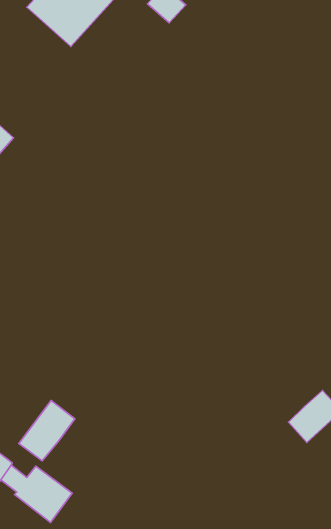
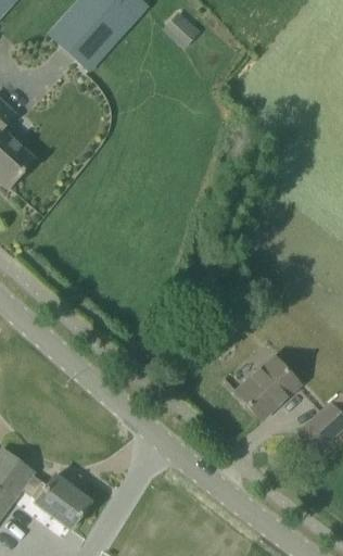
building: none -> [236,355,300,419]
building: [19,400,75,461] -> none

